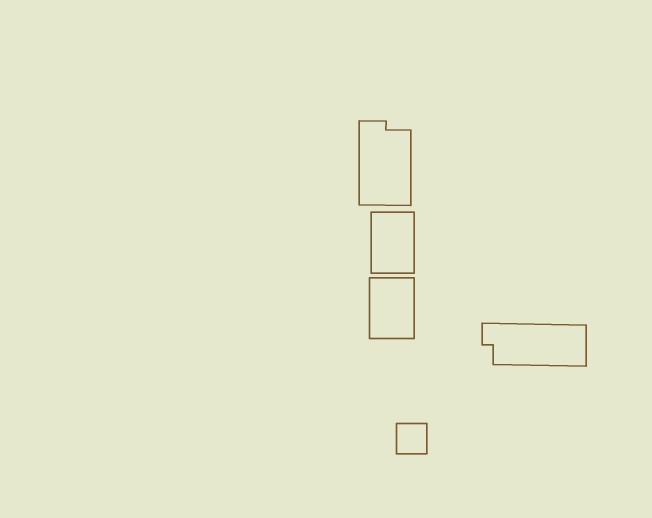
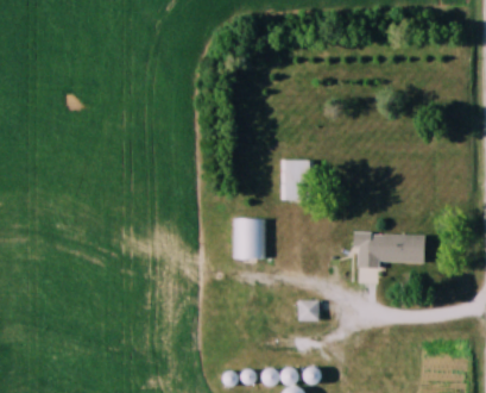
building: [359,121,411,205] -> none
building: [370,278,414,339] -> [235,219,265,260]

